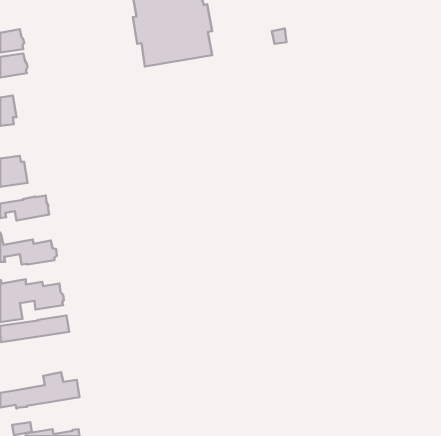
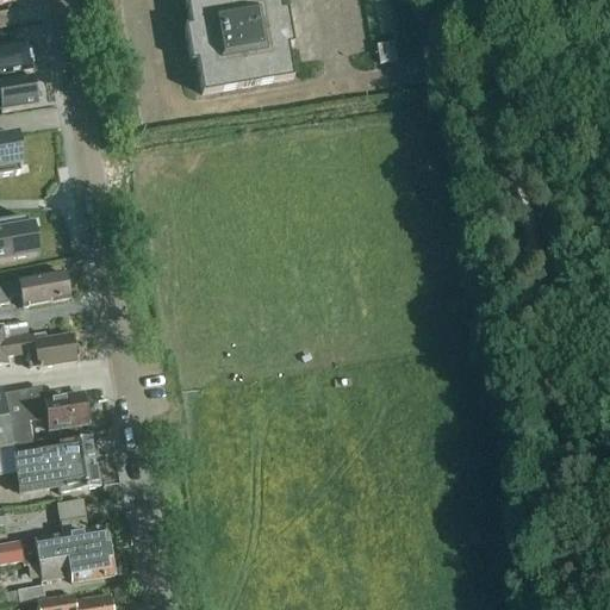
building: none -> [17,459,99,491]
building: none -> [26,549,113,580]

